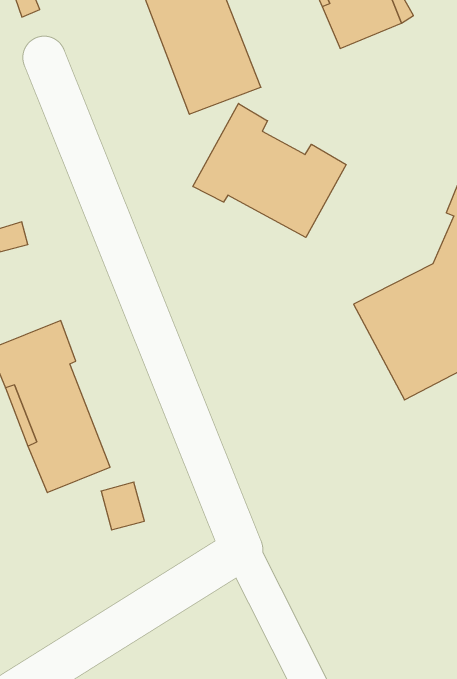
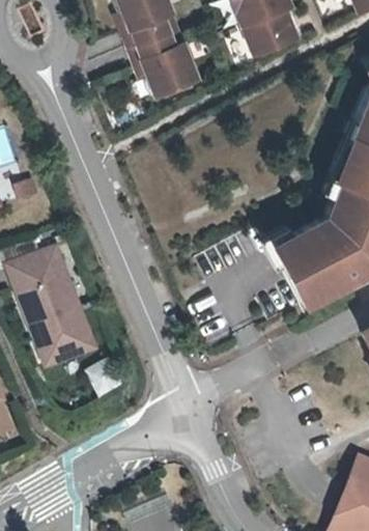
building: [193,103,346,237] -> none

